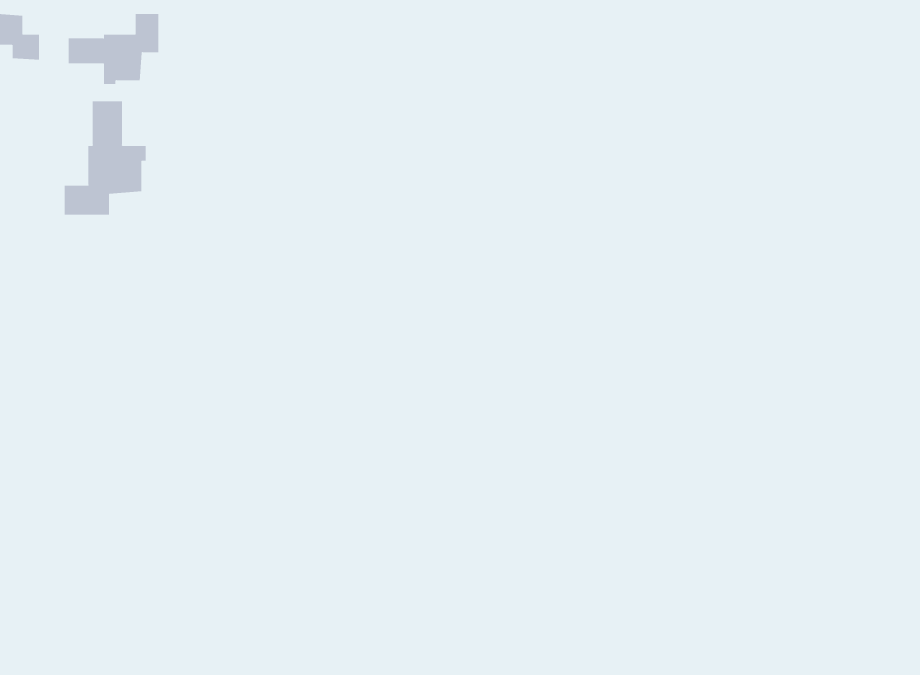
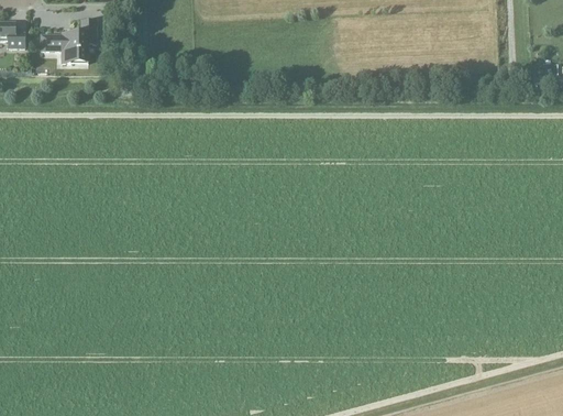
building: [64,100,146,215] -> none

